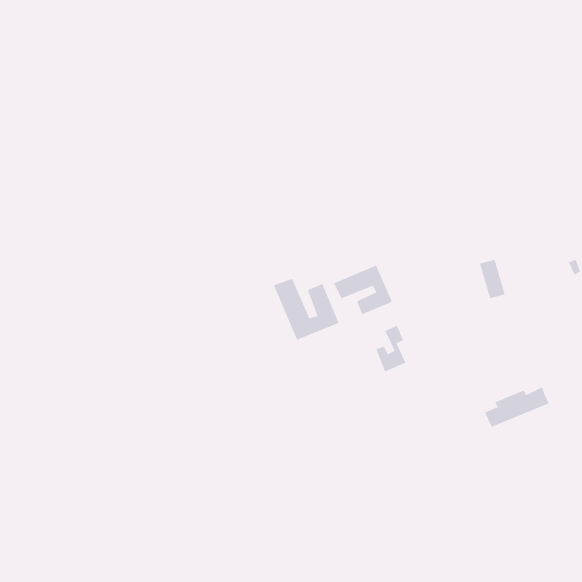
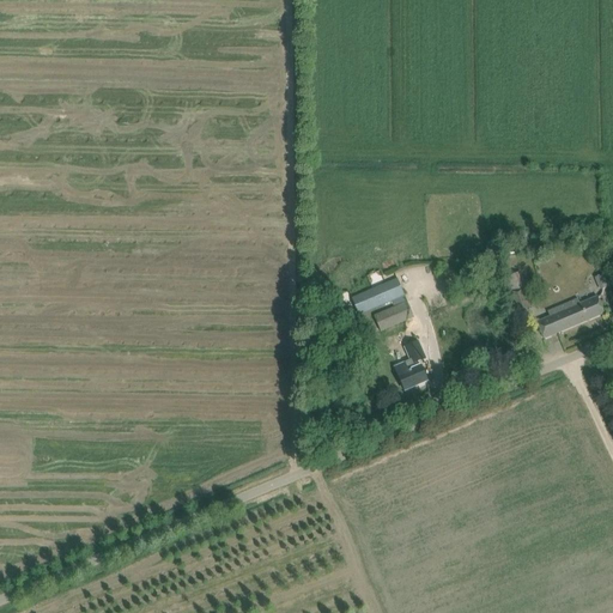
building: [273,278,339,340] -> none
building: [484,386,549,427] -> [535,295,603,338]

